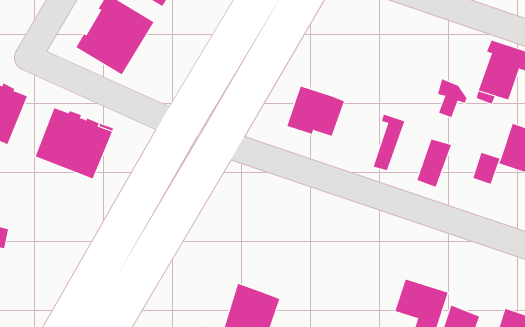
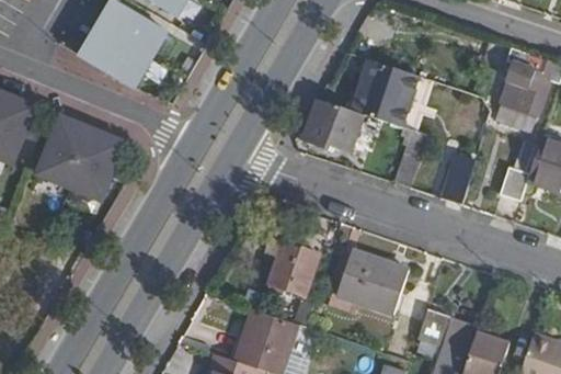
building: none -> [352,58,421,127]
building: none -> [267,237,320,325]
building: none -> [336,252,408,314]

